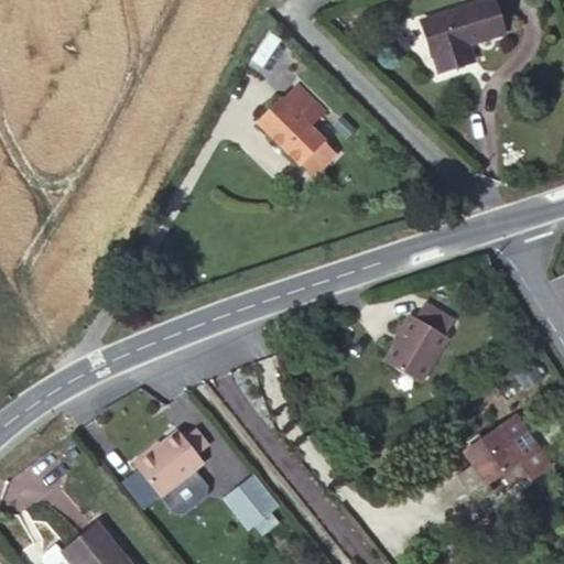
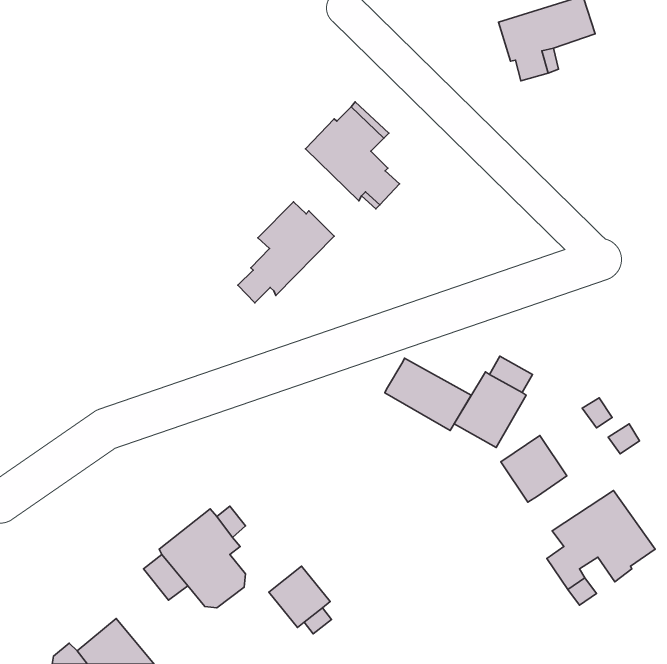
building: none -> [238,202,334,303]
building: none -> [385,358,471,431]
building: none -> [501,436,567,502]

